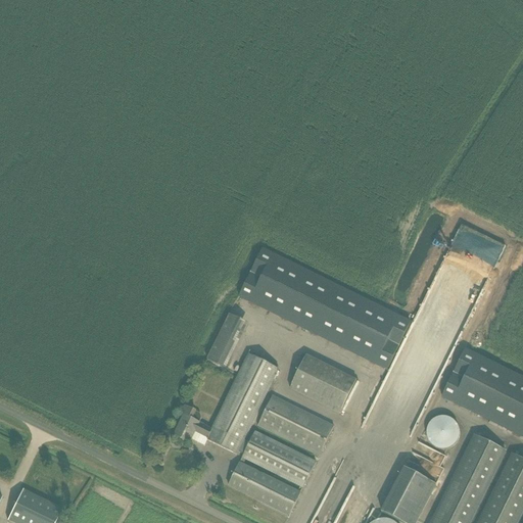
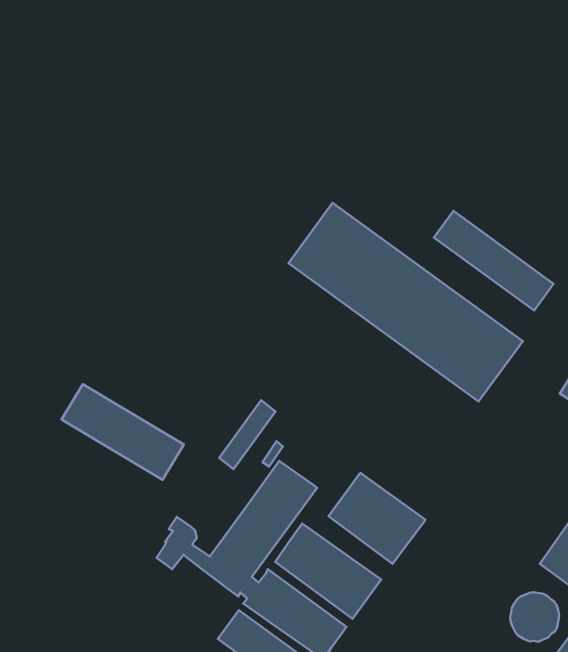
building: none -> [434,211,554,311]
building: [239,247,411,368] -> [289,203,523,401]
building: none -> [62,384,184,480]

